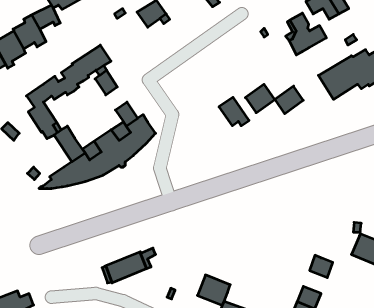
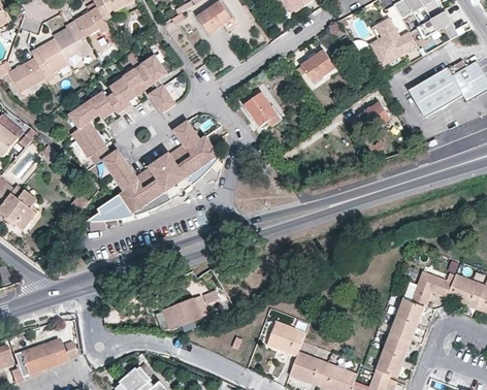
building: none -> [418,11,457,39]
building: [245,84,275,113] -> [301,47,335,80]
building: [219,97,249,126] -> [245,91,280,124]
building: none -> [411,271,455,306]
building: none -> [390,316,418,343]

